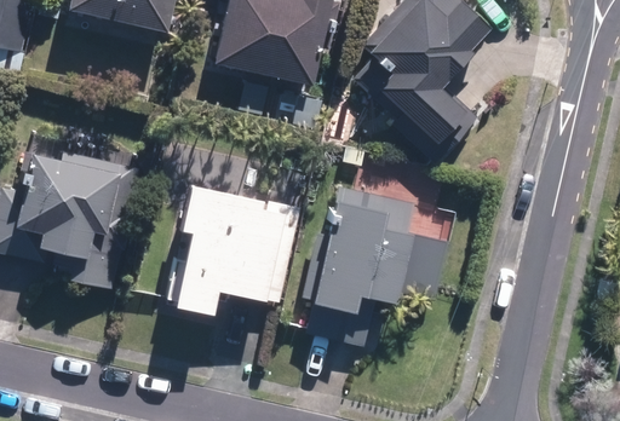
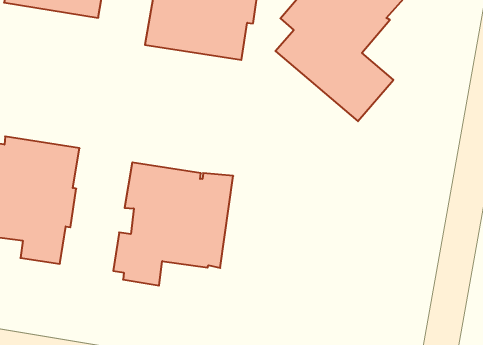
building: [300,185,448,345] -> none

